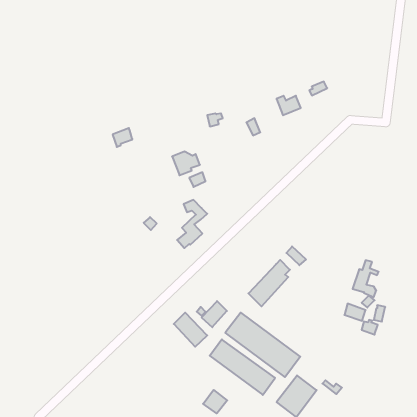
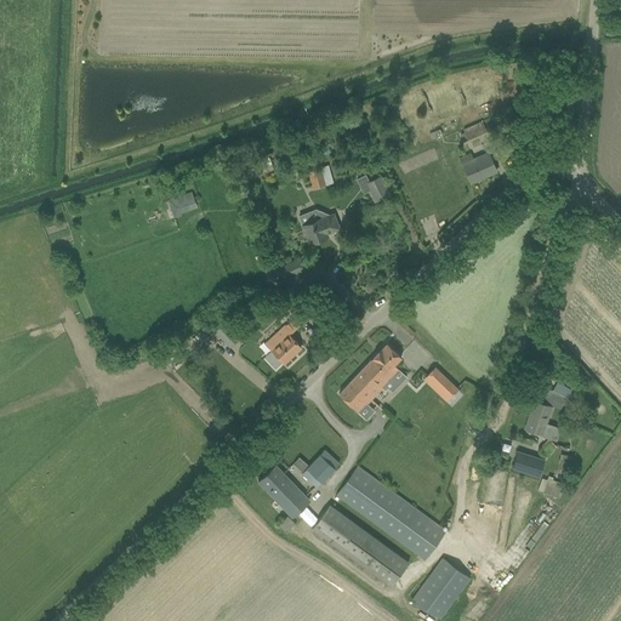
building: [276,96,301,115] -> [460,153,496,182]
building: [172,152,200,175] -> [298,209,340,244]
building: [248,260,290,306] -> [340,343,401,412]
building: [203,390,227,413] -> none

